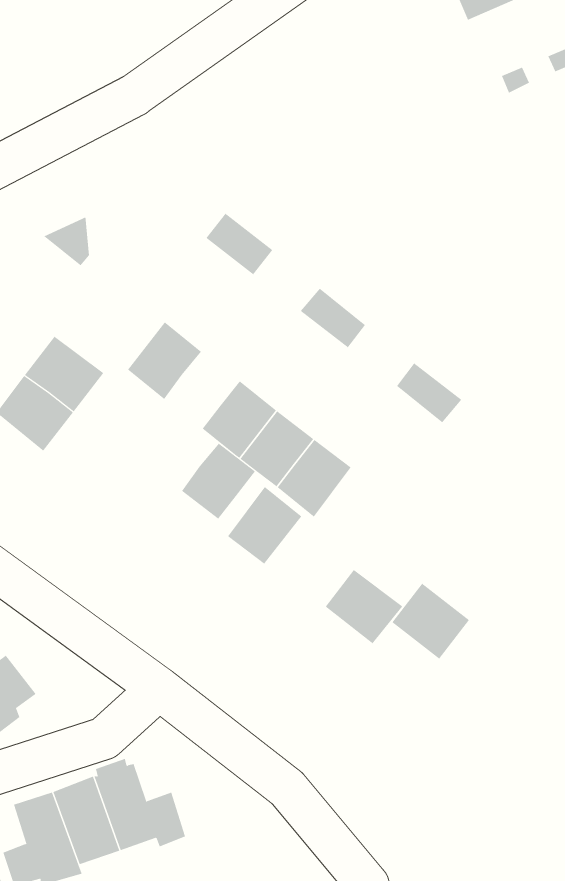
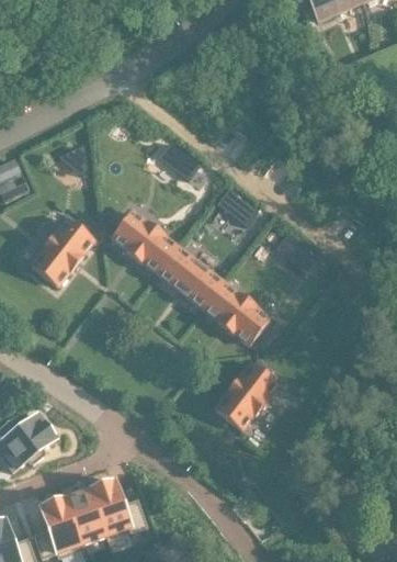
building: [181,443,256,519] -> [134,227,180,274]
building: [227,486,302,565] -> [226,299,272,347]
building: [391,583,470,659] -> [214,384,262,431]

